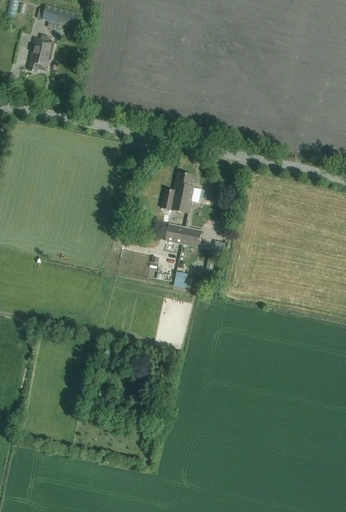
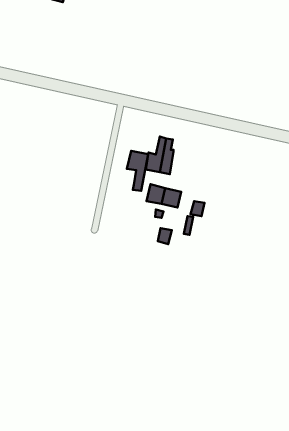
building: [29,34,54,70] -> none
building: none -> [127,151,148,191]

